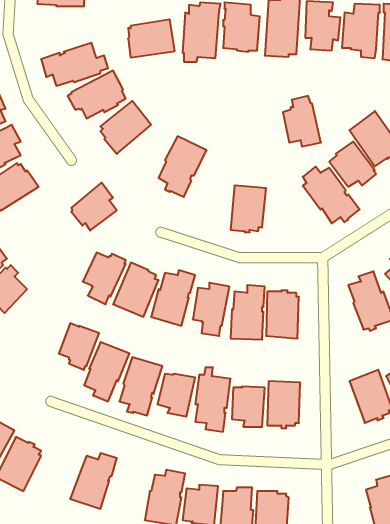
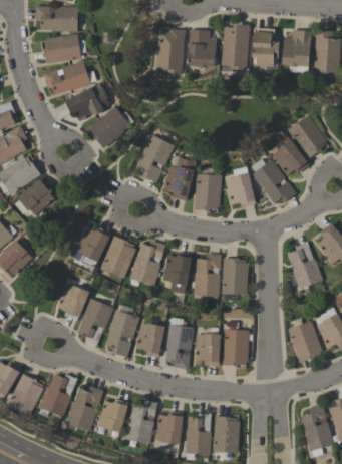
building: [128,19,175,57] -> [44,34,81,64]
building: [283,96,321,146] -> [226,167,256,207]
building: none -> [163,158,196,201]
building: [71,183,117,231] -> [19,177,55,215]
building: none -> [40,374,77,417]
building: none -> [97,400,128,433]

